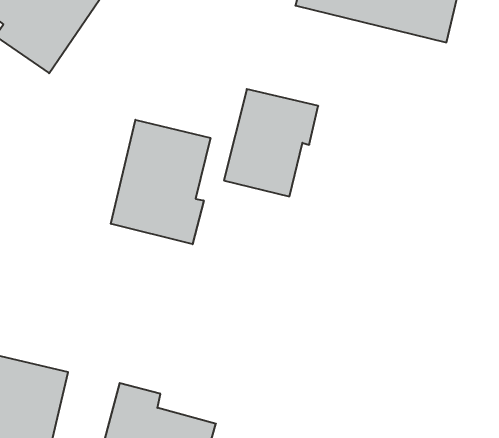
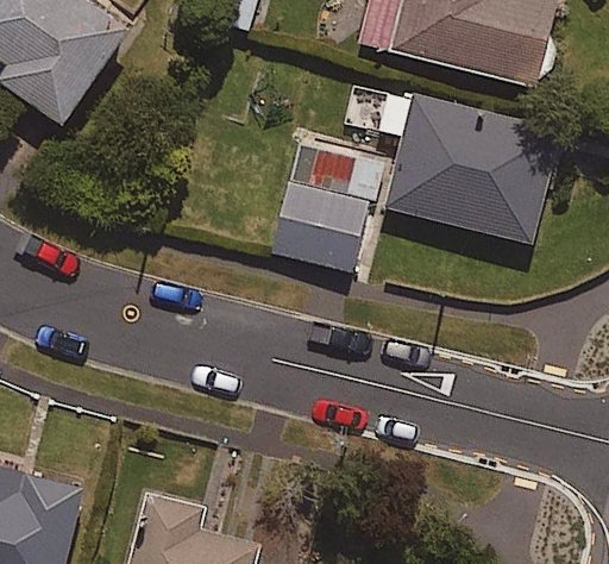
building: none -> [377,88,559,243]
building: [111,120,210,244] -> none

